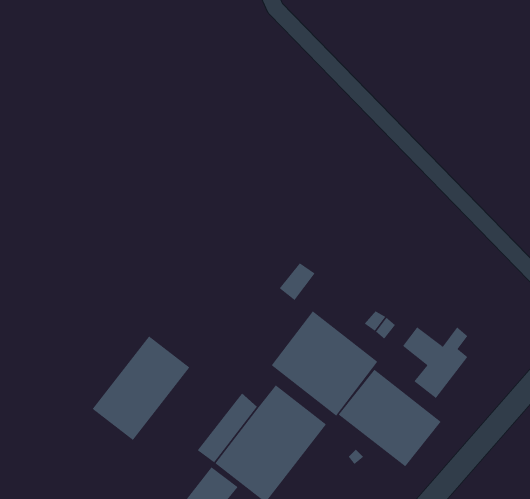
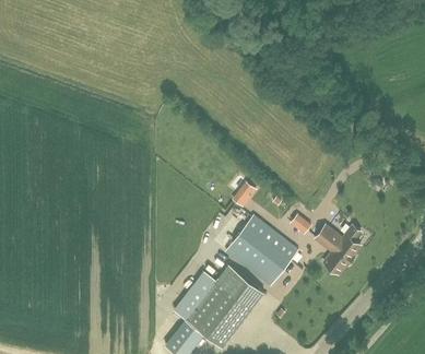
building: [92,335,190,441] -> none
building: [338,369,442,467] -> none

